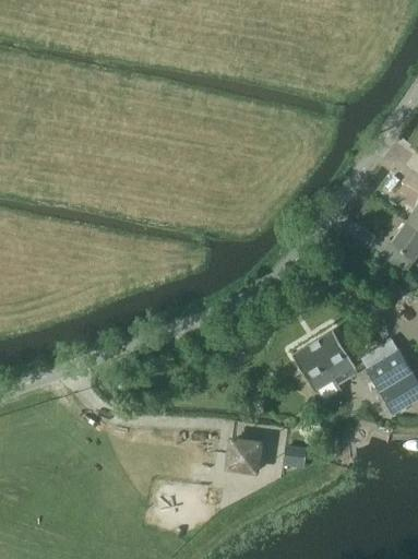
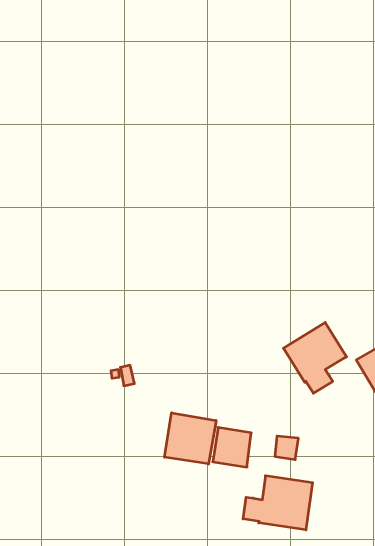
building: none -> [165,413,216,464]
building: none -> [243,476,313,530]

